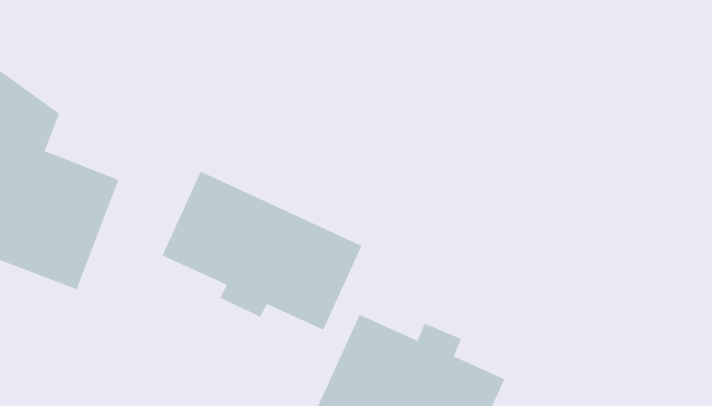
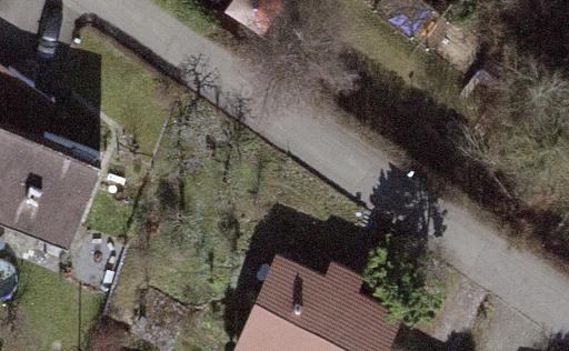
building: [162,171,362,330] -> none

